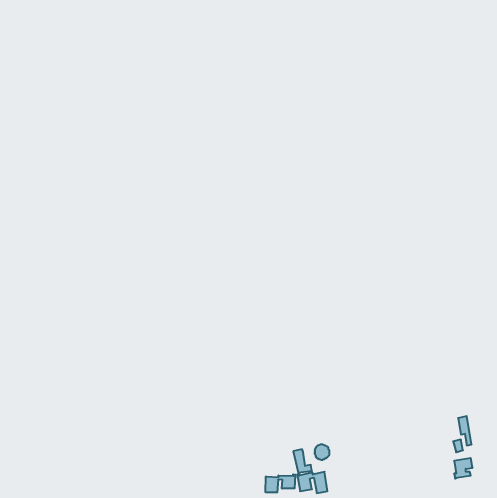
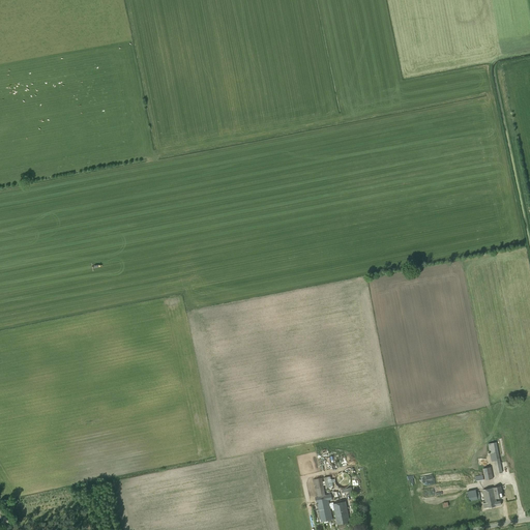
building: [266,474,295,492] -> none

